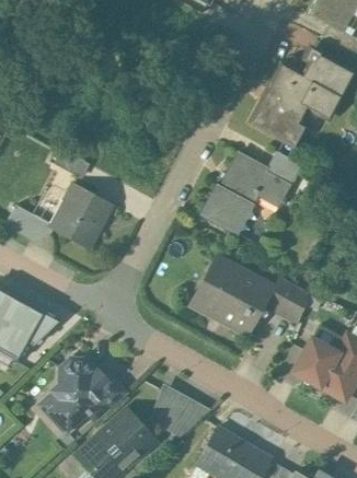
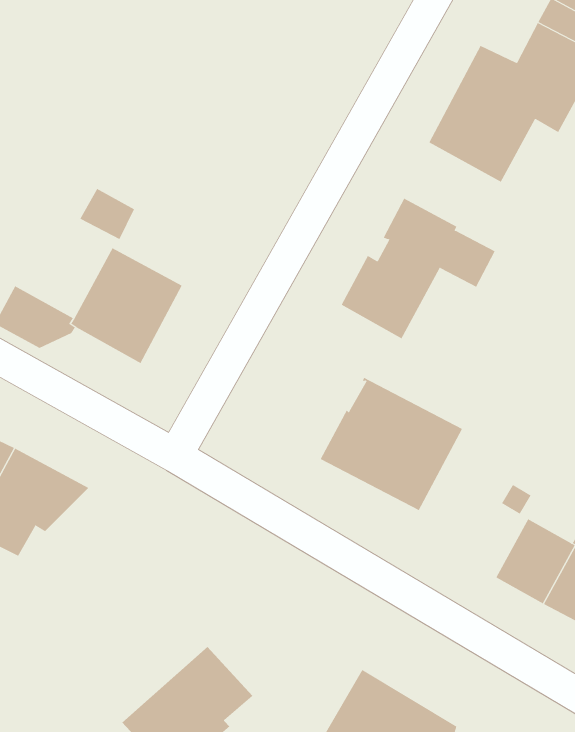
building: [268,153,302,185] -> none
building: [269,280,308,320] -> none
building: [47,360,125,430] -> none
building: [151,388,206,434] -> none

